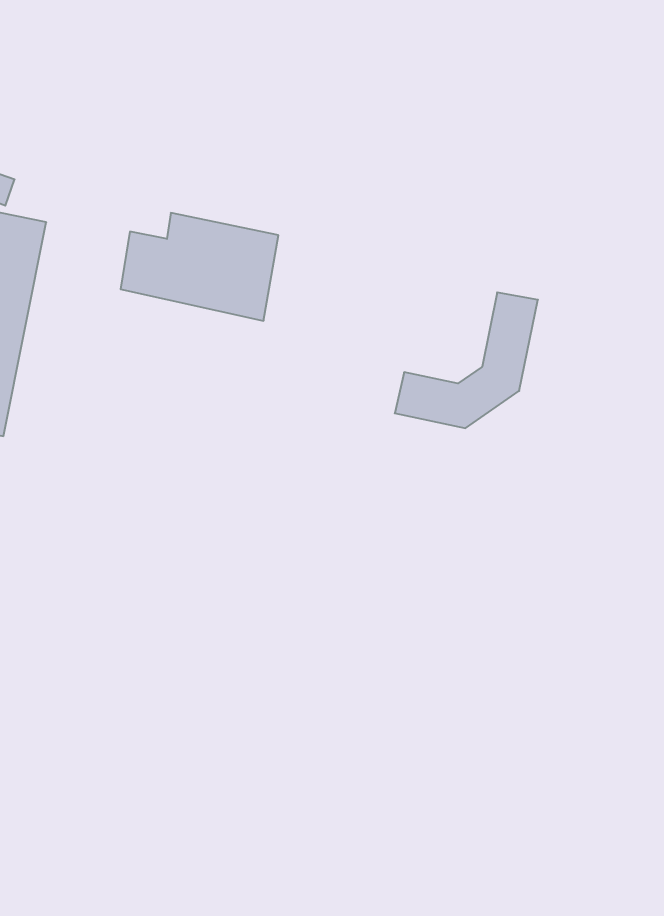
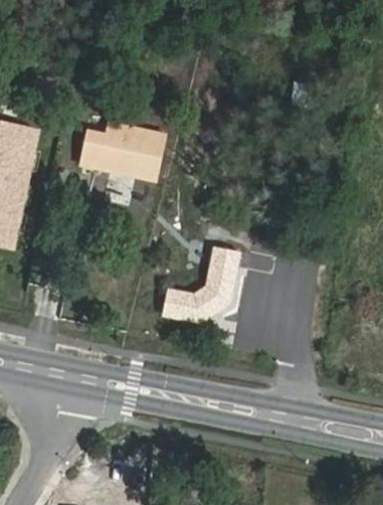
building: [395,292,538,428] -> [161,245,238,319]

